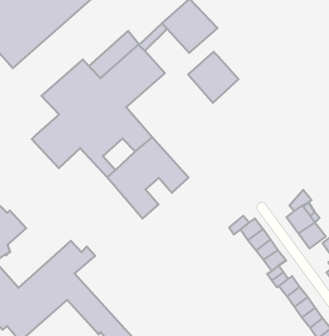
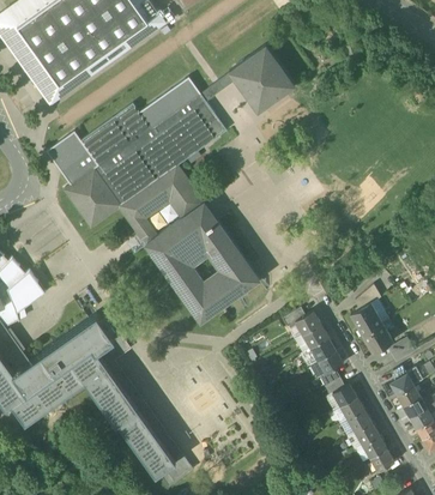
building: [188,52,238,103] -> none
building: none -> [46,132,98,186]
building: none -> [182,255,258,321]

